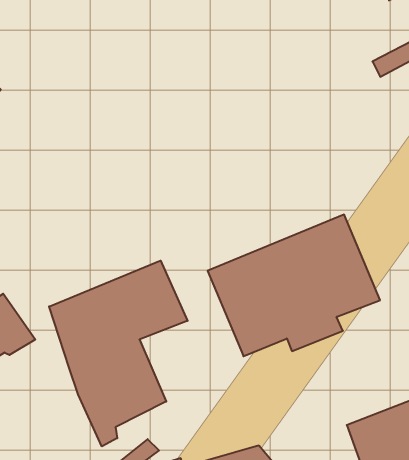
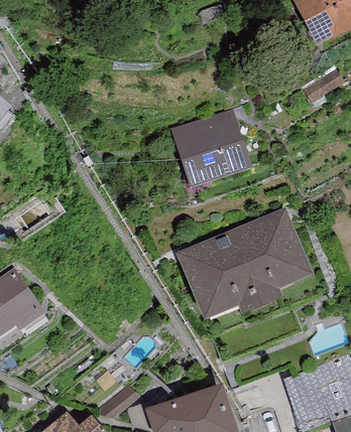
building: none -> [169,107,252,189]
building: [49,261,188,446] -> none

